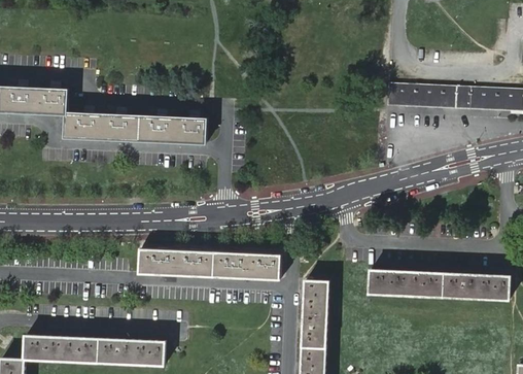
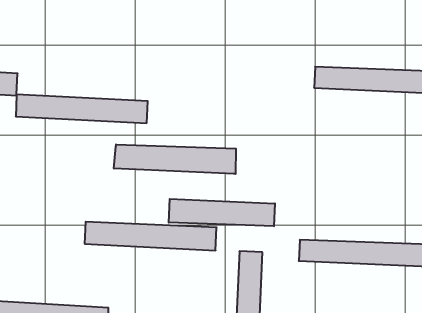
building: none -> [114,144,236,174]
building: none -> [169,199,275,226]

